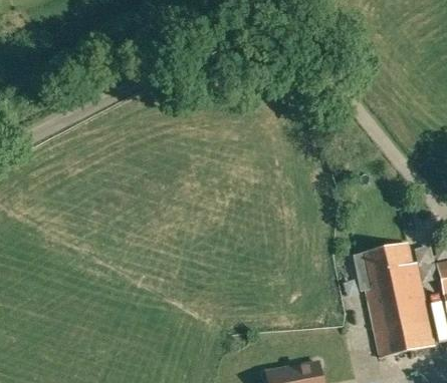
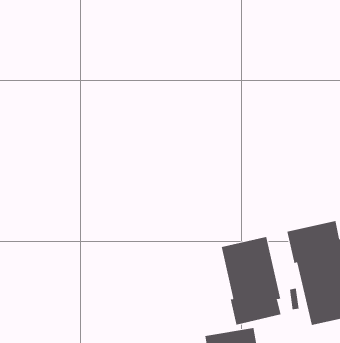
building: none -> [221,236,281,325]

